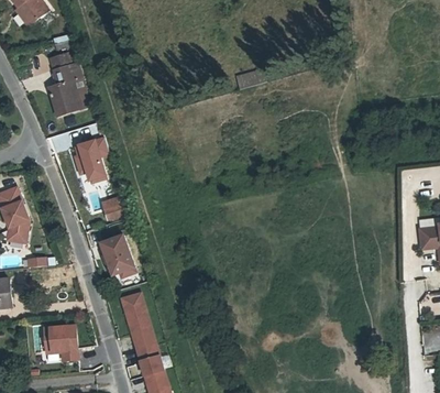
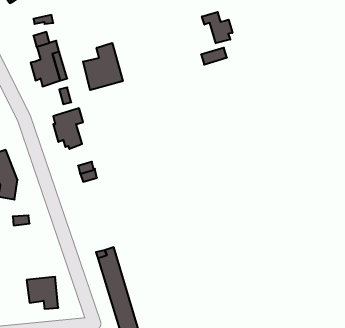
building: none -> [202,12,232,43]
building: none -> [83,43,123,90]
building: [99,236,135,279] -> none

